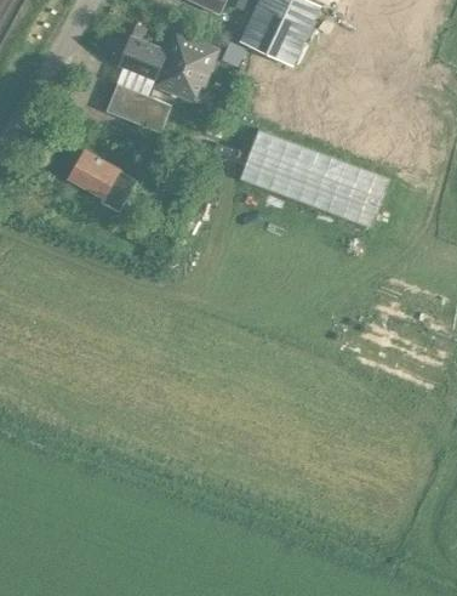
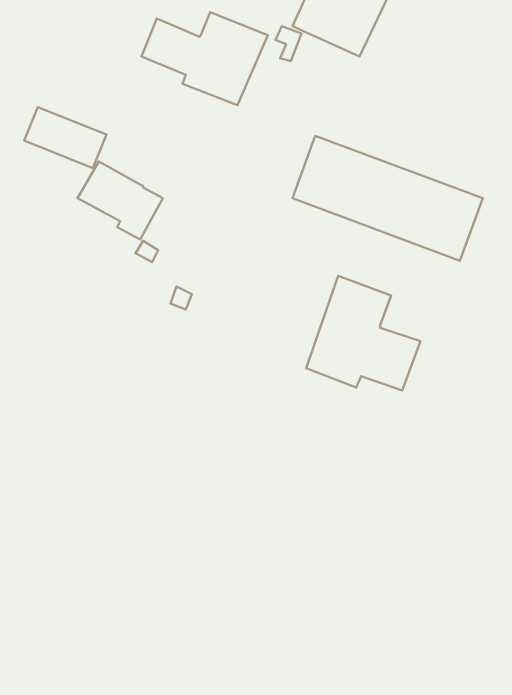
building: [105,84,171,132] -> [24,107,107,168]
building: none -> [306,276,420,390]

